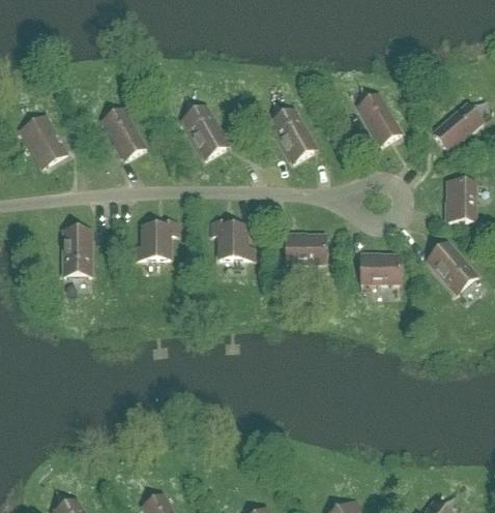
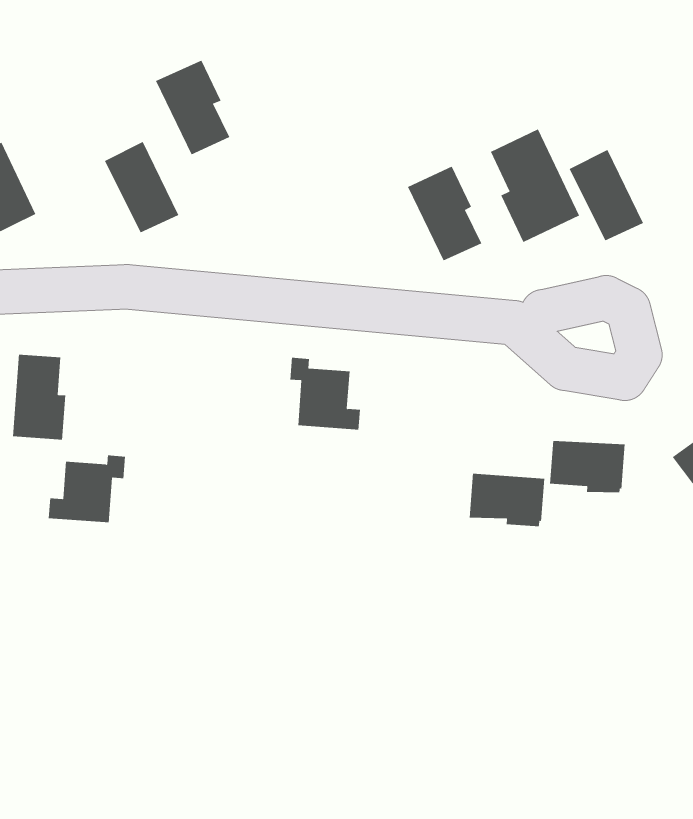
building: none -> [490,128,580,243]
building: [181,104,225,157] -> [155,60,230,155]
building: [135,219,175,256] -> [48,455,126,523]
building: [285,234,325,261] -> [469,473,545,527]

